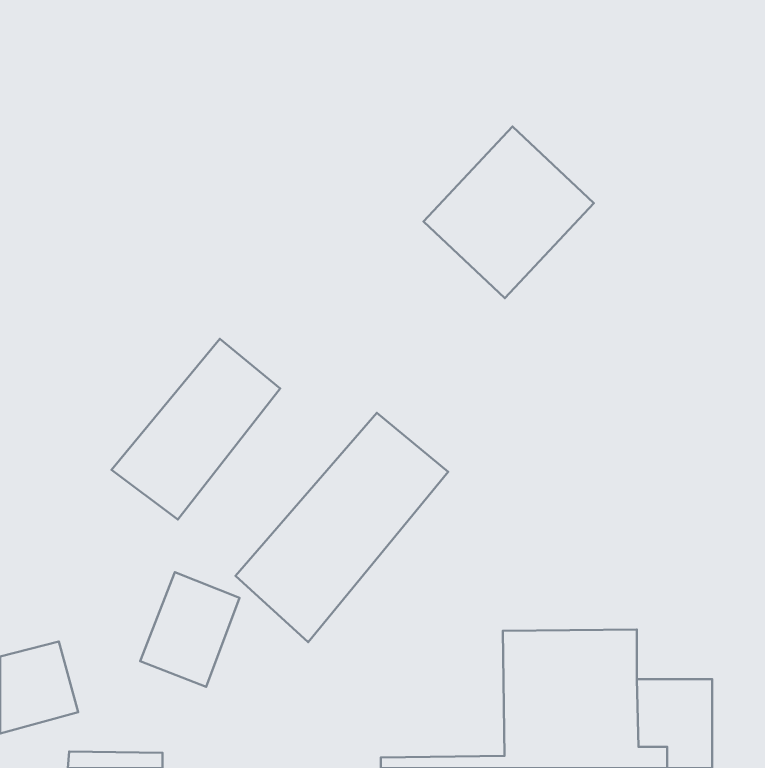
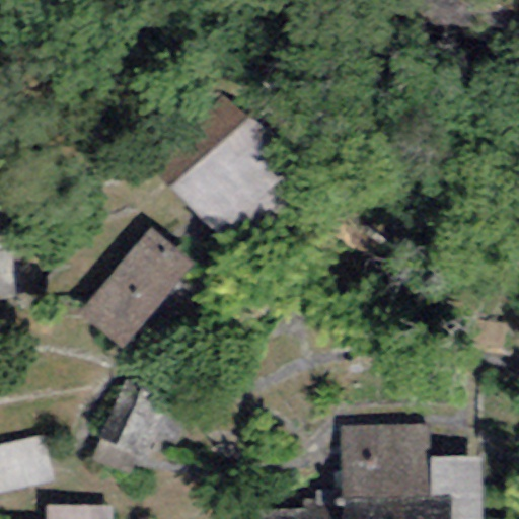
building: [424,126,594,298] -> [173,125,288,240]
building: [236,413,448,642] -> none

